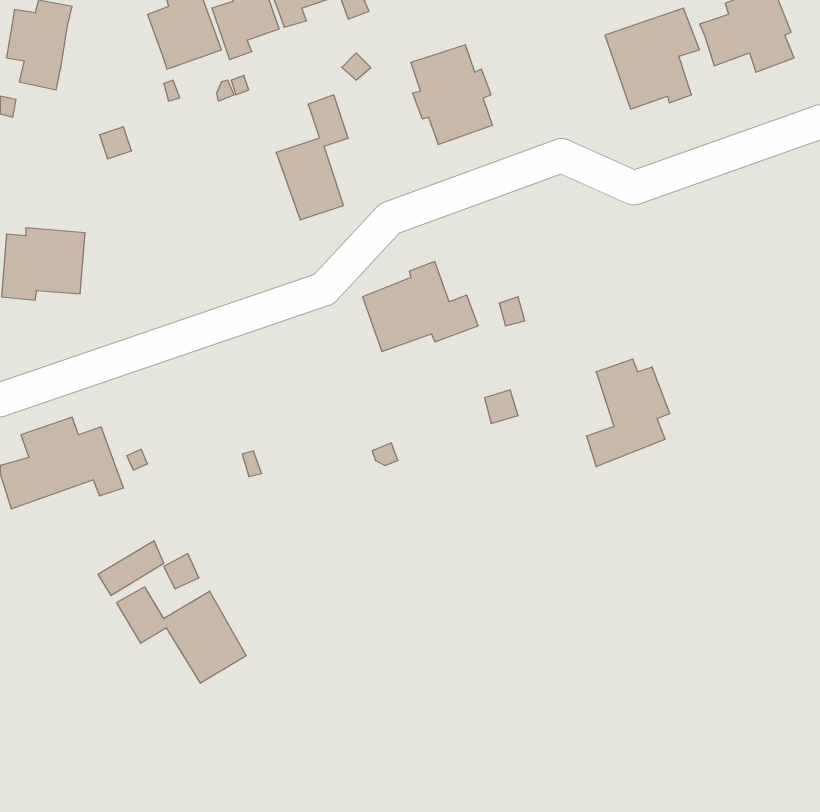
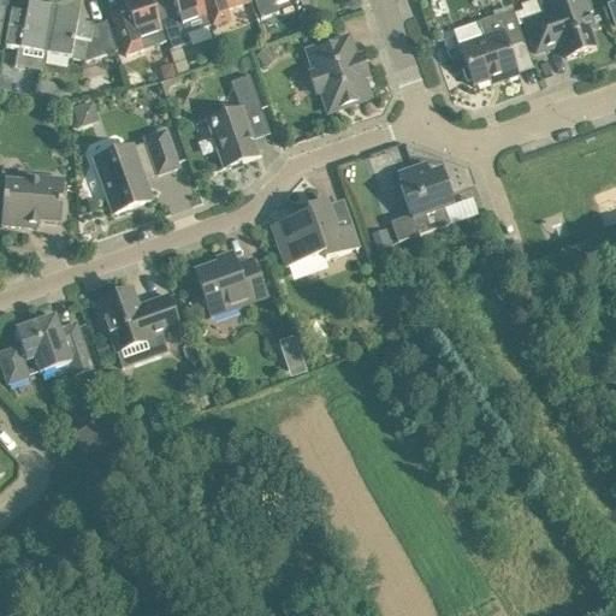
building: none -> [46,5,118,58]
building: none -> [93,129,178,211]
building: none -> [195,249,265,312]
building: [586,359,670,467] -> [391,160,454,241]
building: none -> [94,285,179,349]
building: [117,587,246,683] -> none

